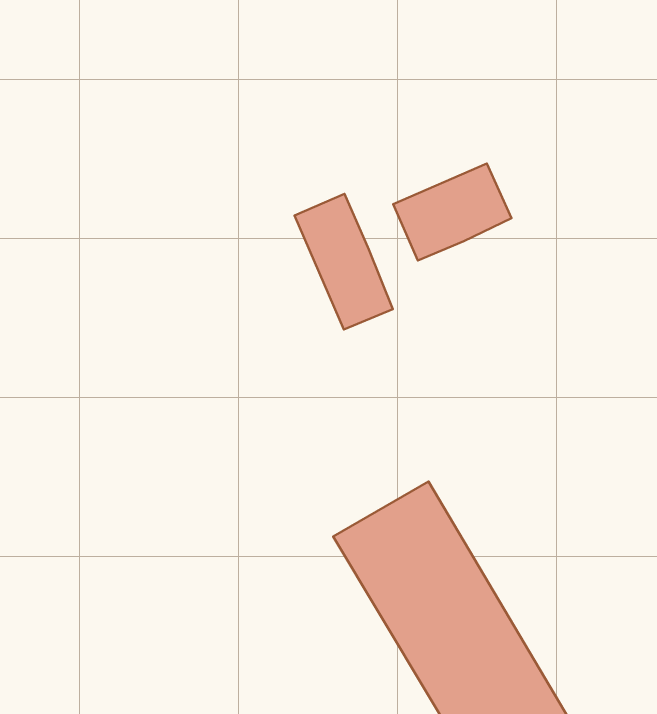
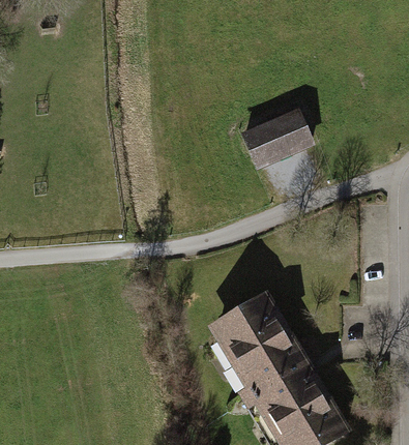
building: [294,194,393,329] -> none

